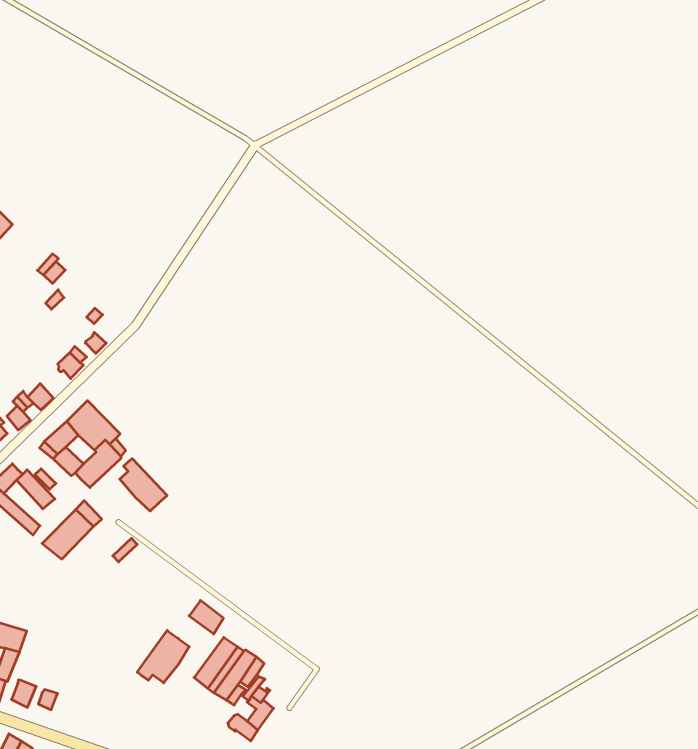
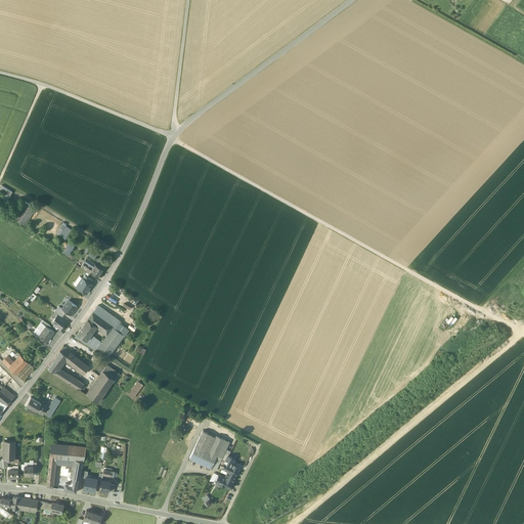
building: [120,459,167,511] -> none
building: [137,630,189,683] -> none

